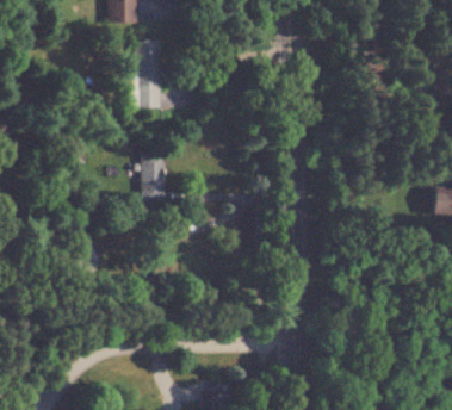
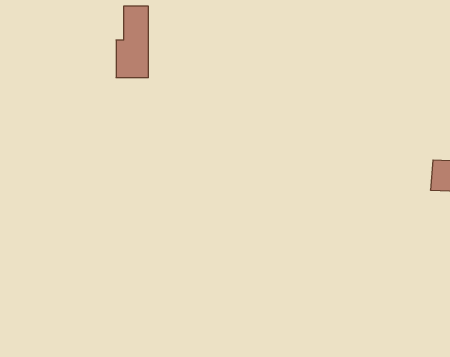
building: [143,151,167,204] -> none

